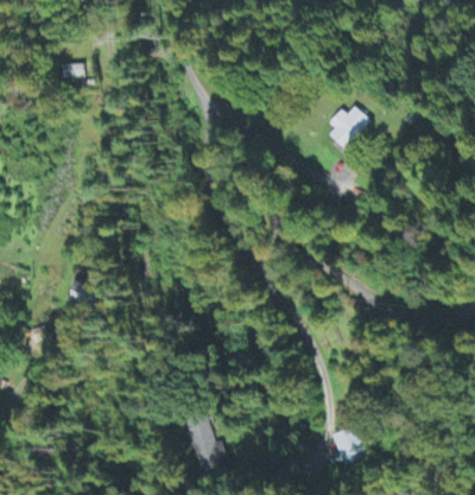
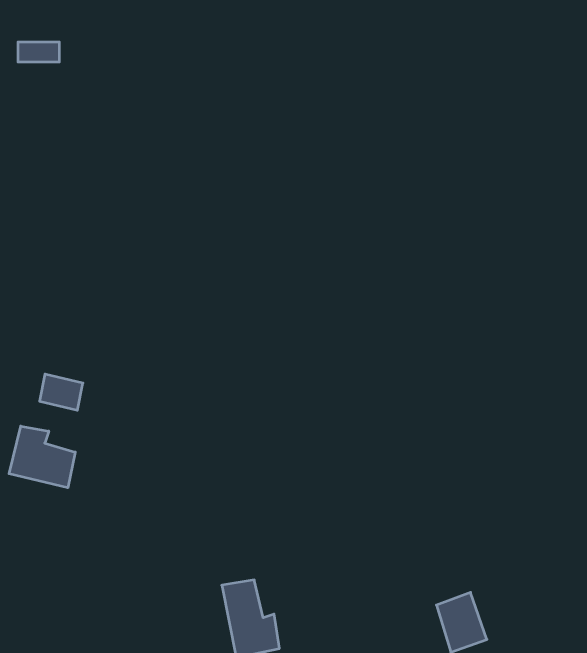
building: [327,103,370,148] -> none
building: none -> [9,426,75,488]

